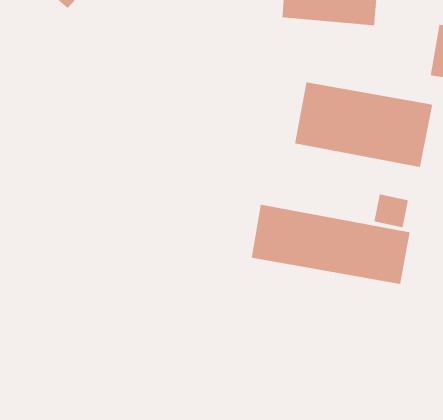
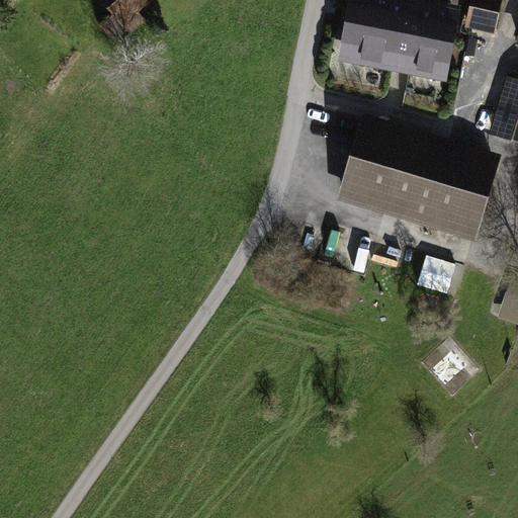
building: [251,204,411,285] -> none

